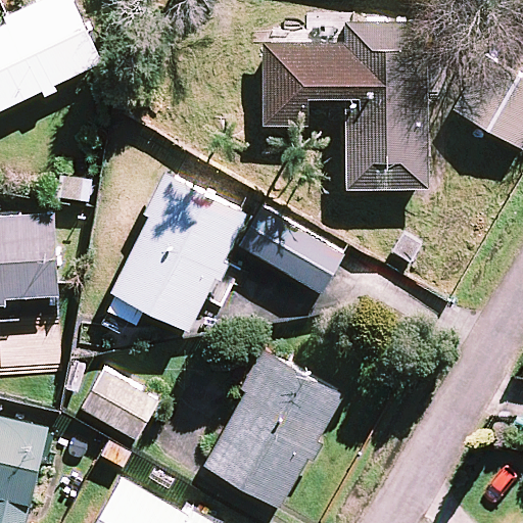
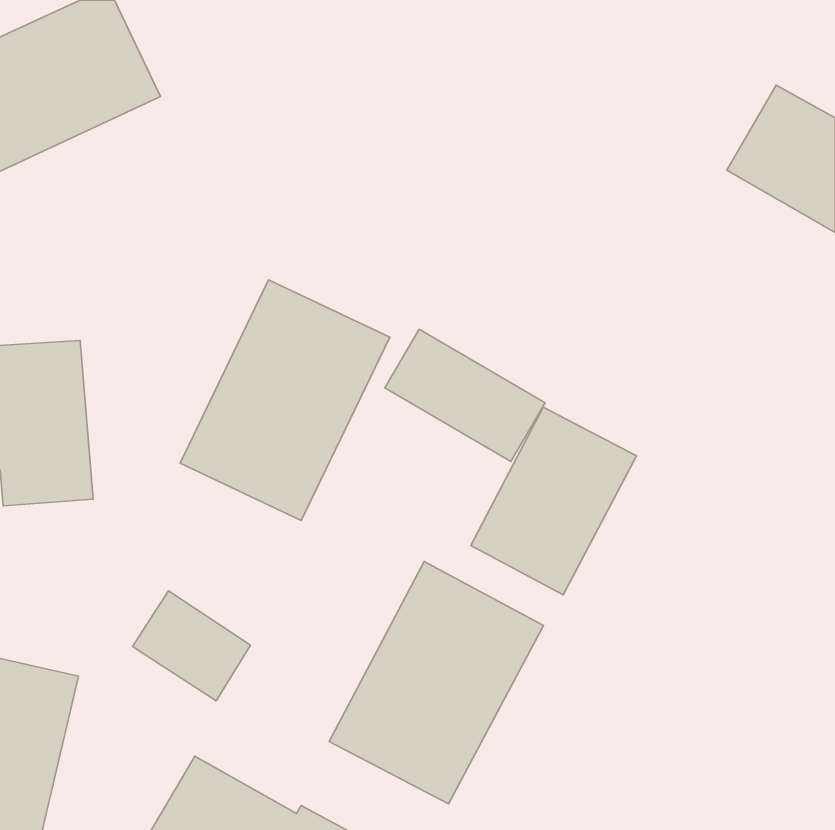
building: [263,11,428,190] -> none
building: none -> [471,407,637,595]

